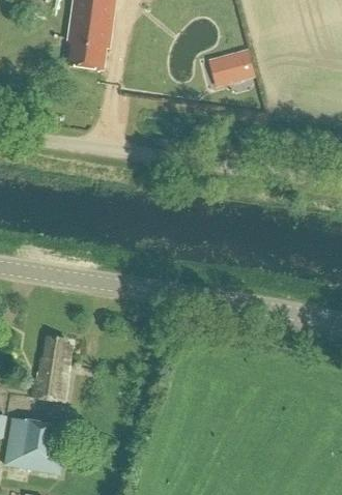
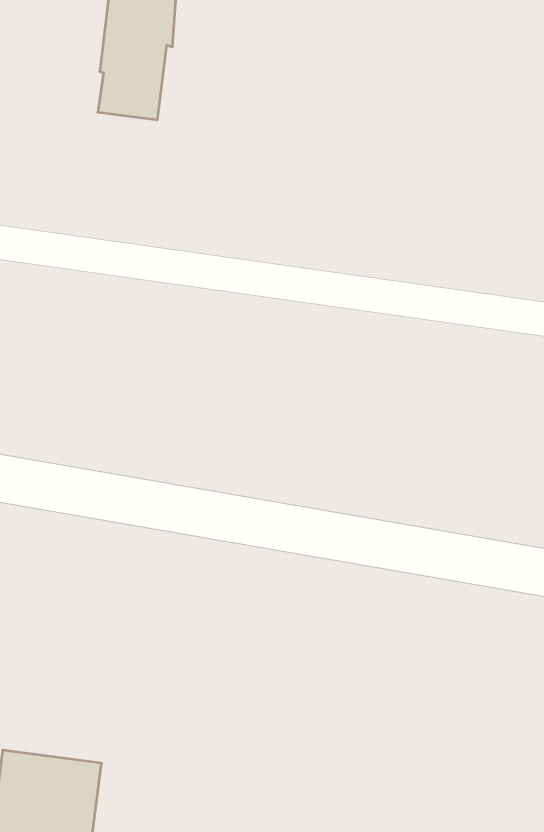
building: [222,51,251,84] -> none
building: [35,337,73,401] -> none

